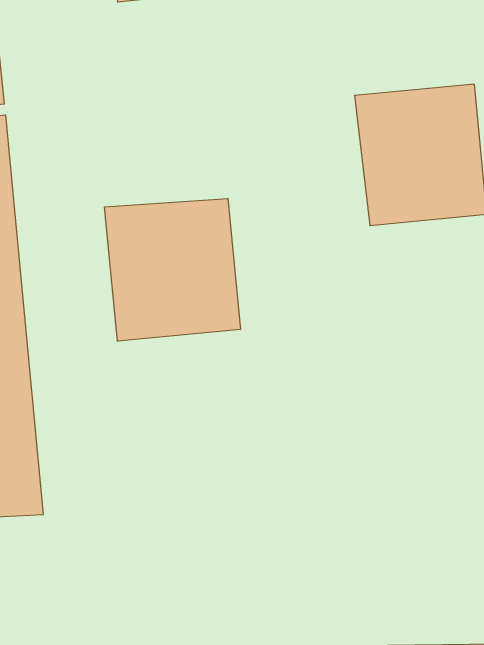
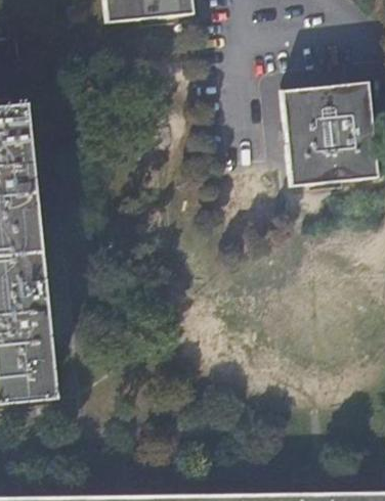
building: [105,198,240,341] -> none

